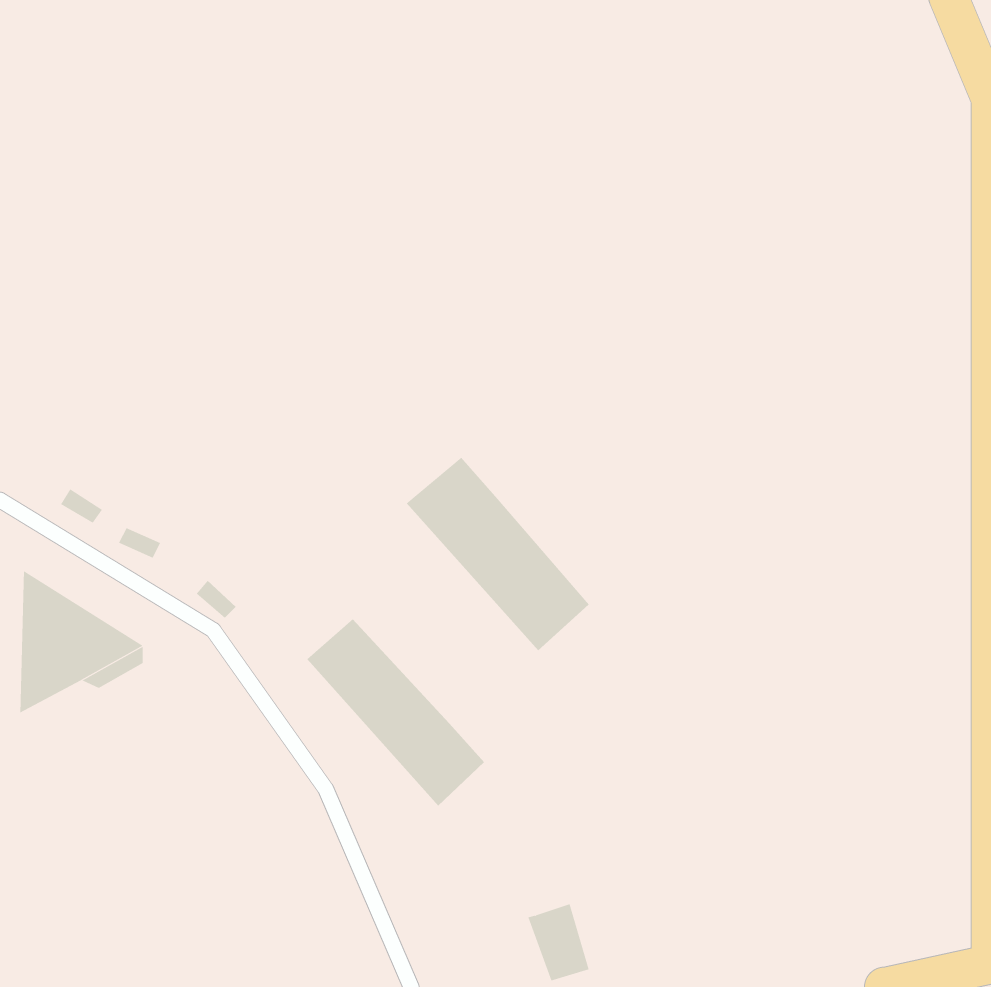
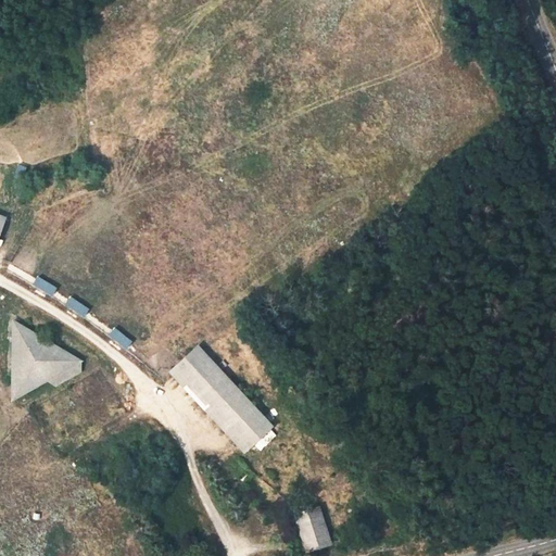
building: [406,457,589,651] -> none

